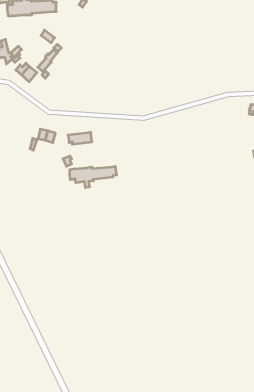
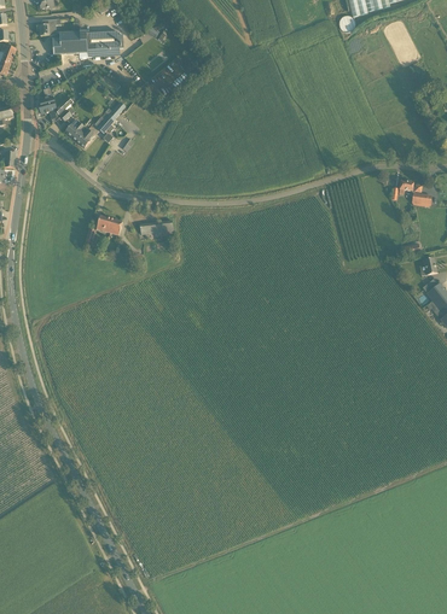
building: [70,166,117,188] -> none

